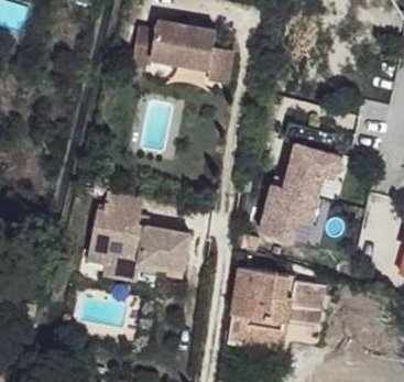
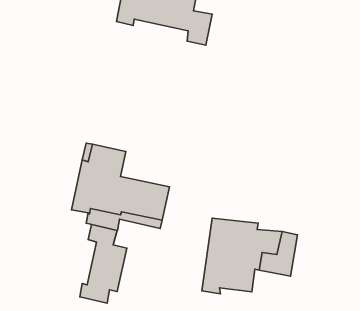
building: [260,123,338,242] -> none
building: none -> [80,225,127,303]

